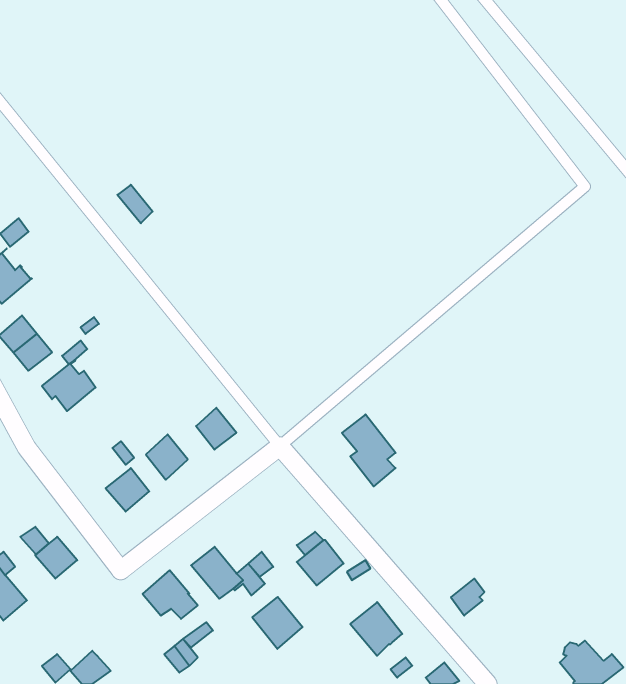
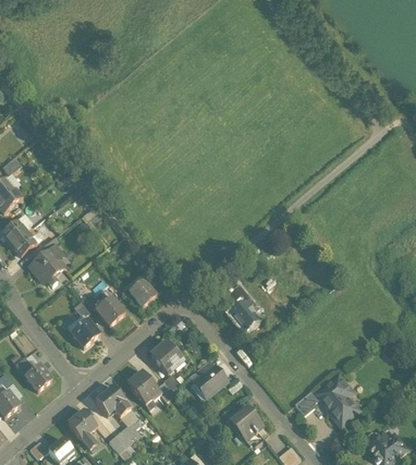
building: none -> [317,379,359,427]
building: [252,597,303,649] -> [150,341,183,375]
building: none -> [66,409,97,449]

